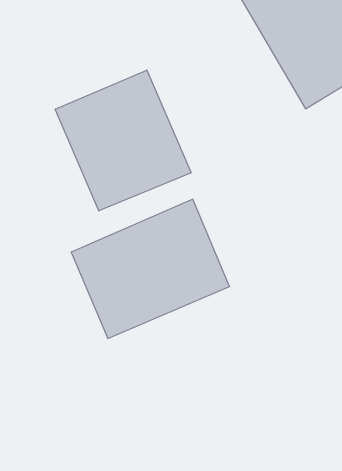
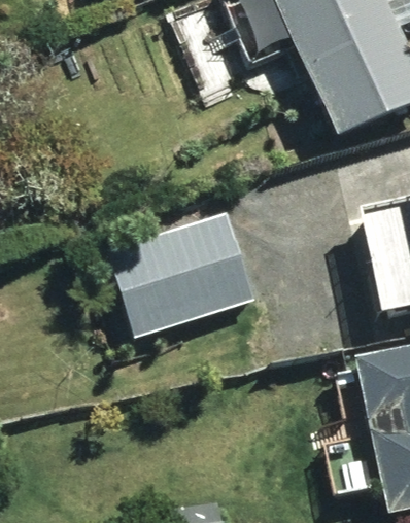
building: [55,70,191,211] -> none

